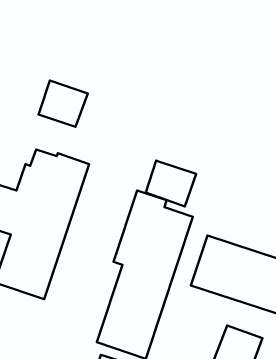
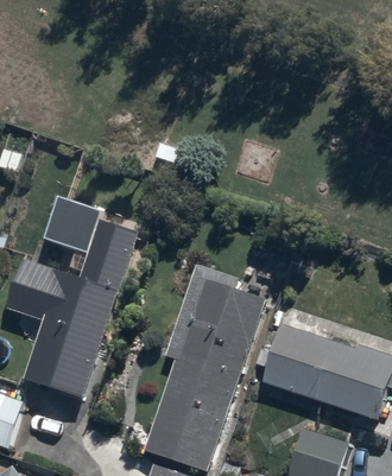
building: [38,81,88,127] -> none
building: [146,161,196,206] -> none

